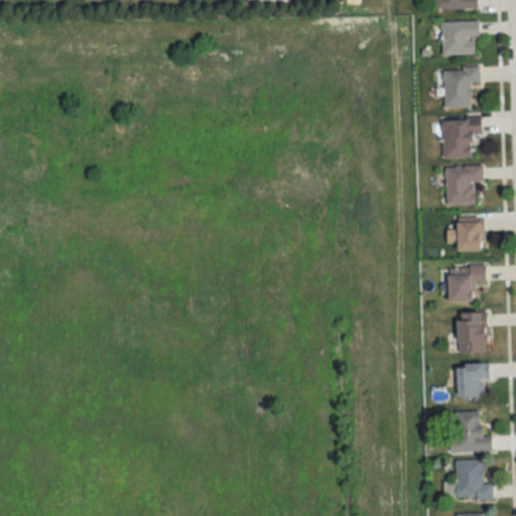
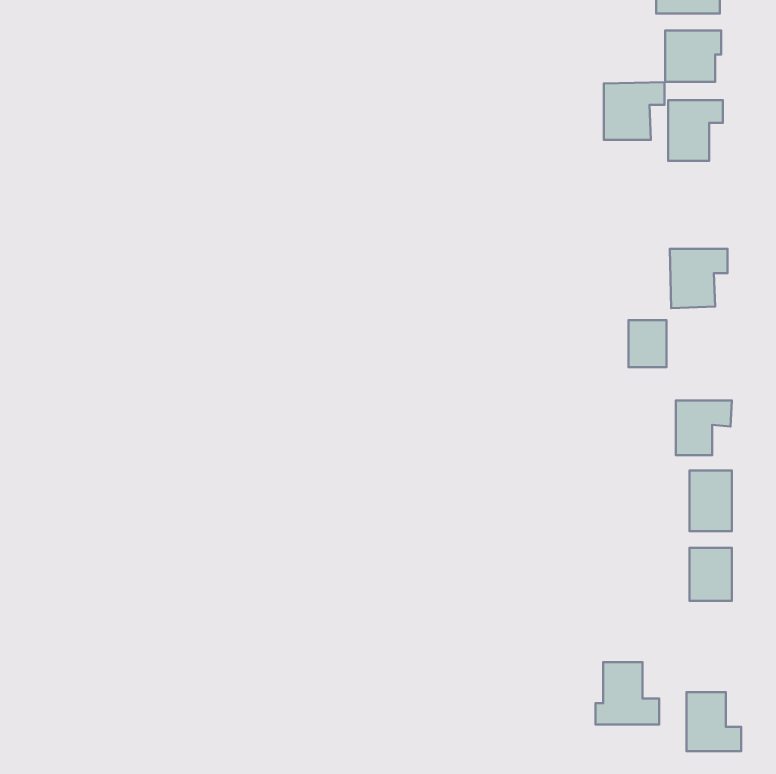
building: [441,119,482,157] -> [604,82,665,140]
building: [458,220,483,251] -> [628,320,666,367]
building: [449,411,492,453] -> [595,662,659,724]

